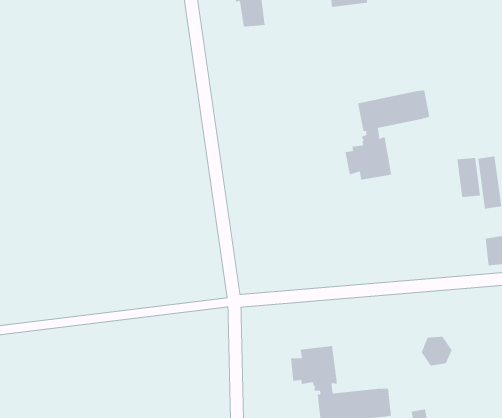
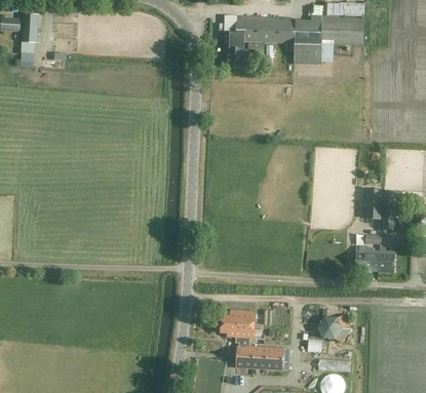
building: [345,89,430,181] -> none
building: none -> [355,233,380,270]

